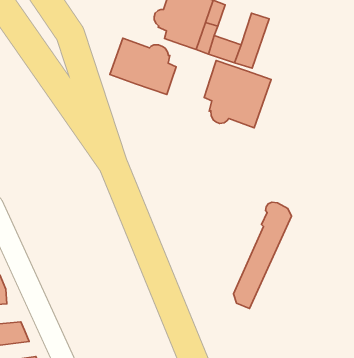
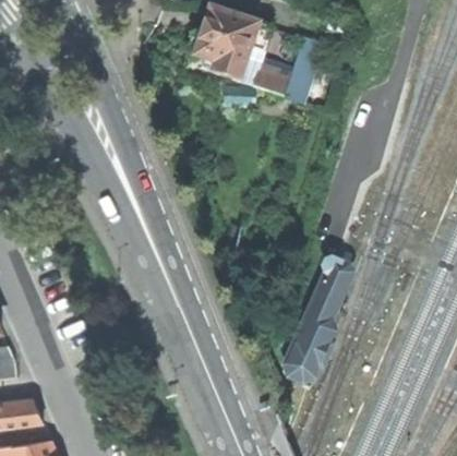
building: [110,38,176,95] -> none
building: [204,61,271,128] -> none

